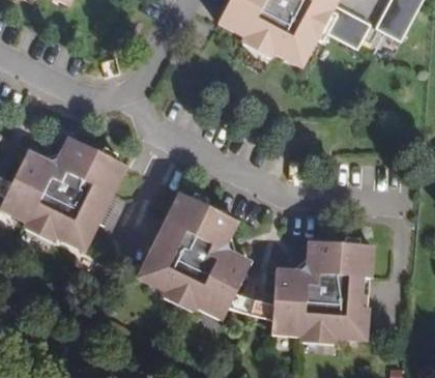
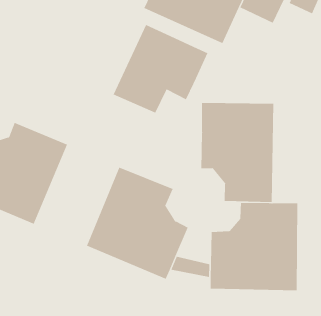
building: none -> [113,24,208,114]
building: none -> [201,102,274,203]

